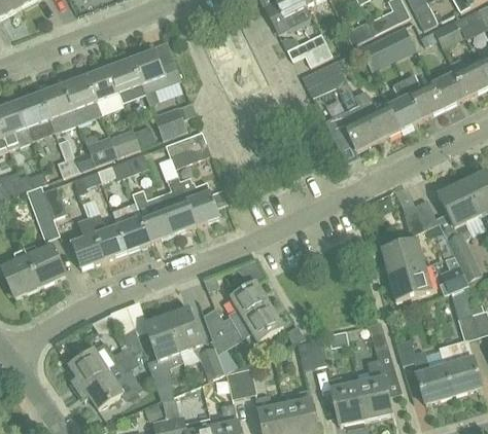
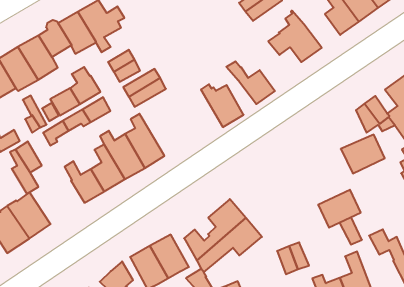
building: [355,91,402,139] -> [226,61,275,104]
building: [180,177,220,224] -> [201,84,244,127]
building: [69,218,105,268] -> none
building: [390,265,433,301] -> [318,190,361,228]

